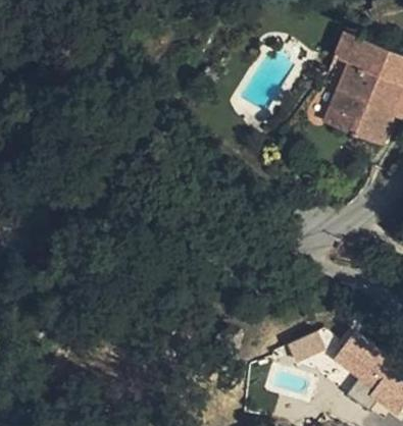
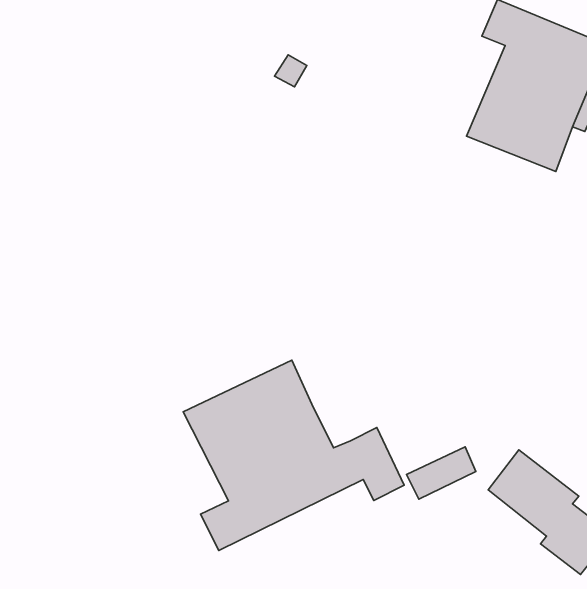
building: none -> [183,360,404,550]

